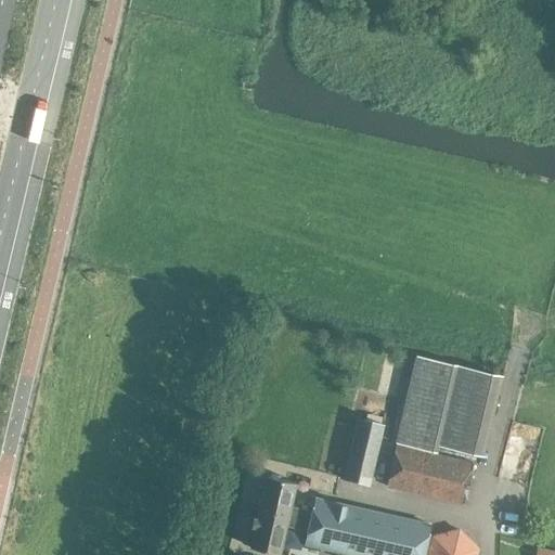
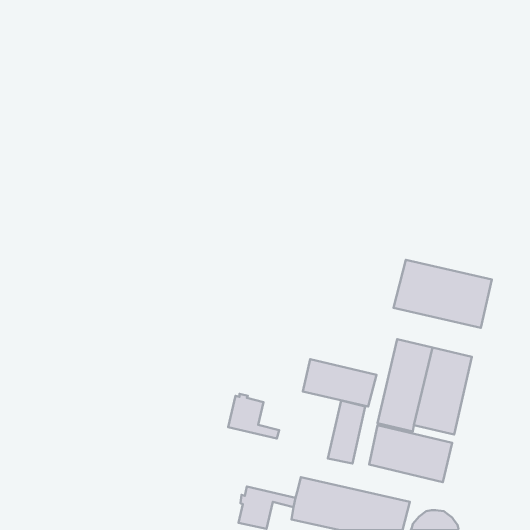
building: none -> [393,260,492,328]
building: none -> [303,359,377,407]
building: [258,474,311,520] -> [228,394,279,438]

